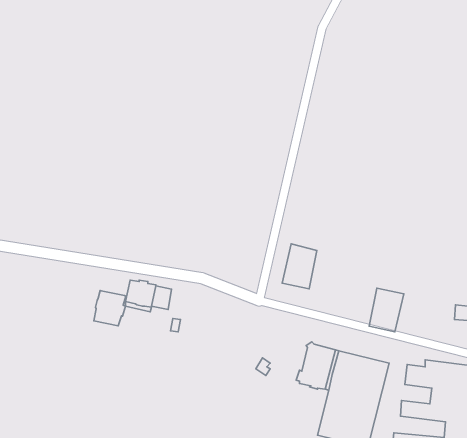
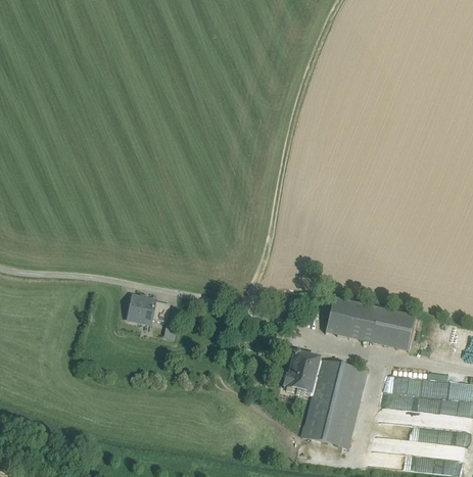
building: [282,244,317,289] -> [324,296,356,337]
building: [94,290,126,326] -> none
building: none -> [372,307,416,350]

